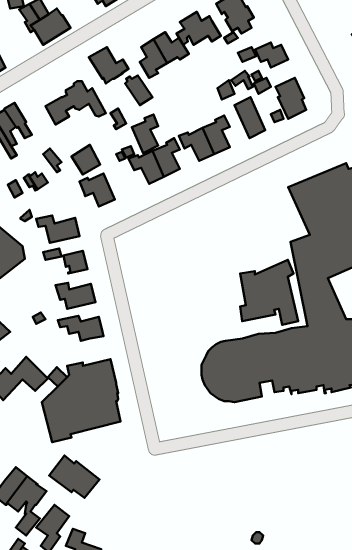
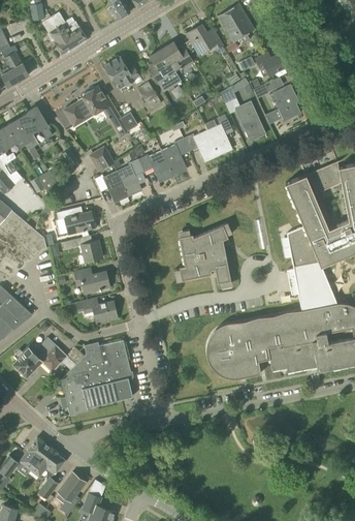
building: [132,115,158,153] -> [117,159,140,194]
building: [240,260,298,325] -> [179,224,231,283]
building: [49,456,100,498] -> none

